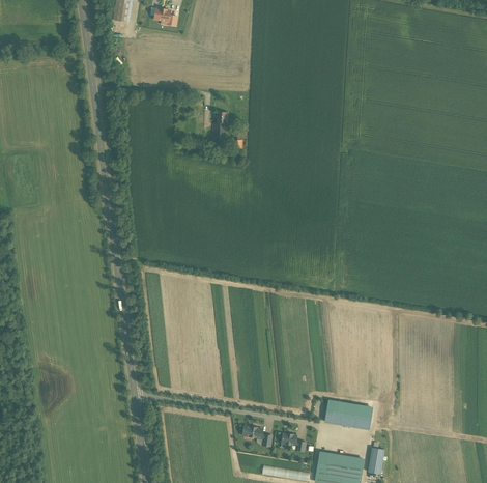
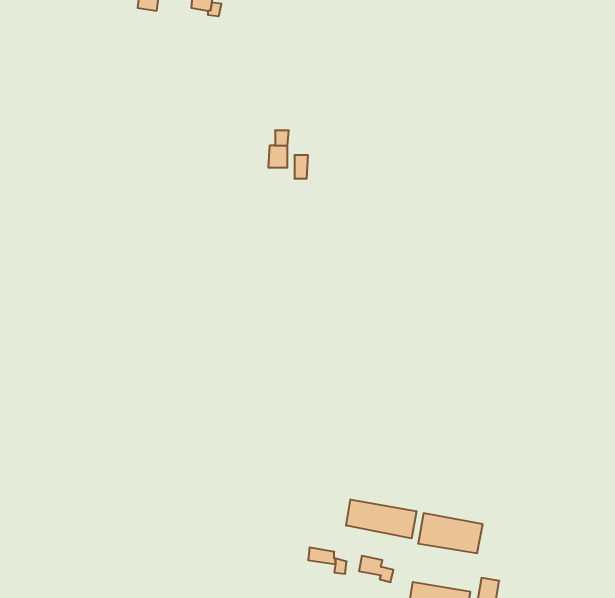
building: none -> [346,499,416,538]

